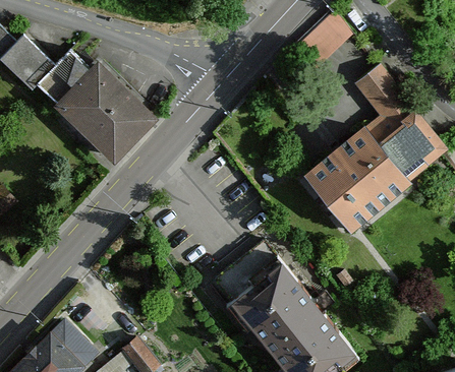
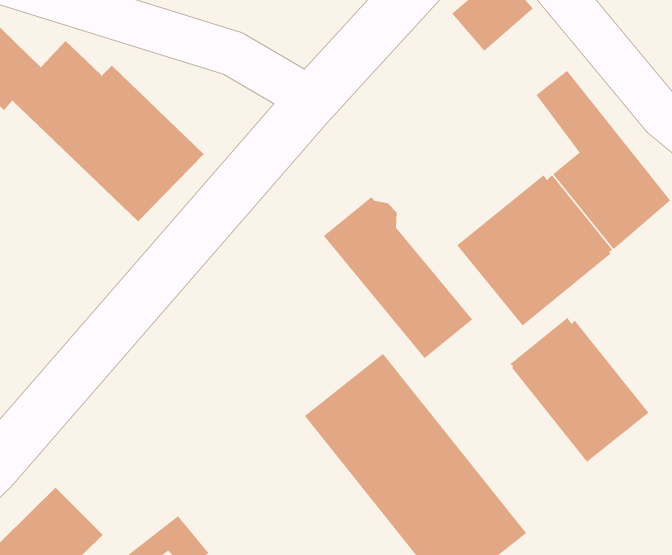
building: none -> [323,196,473,359]
building: none -> [509,317,650,463]

